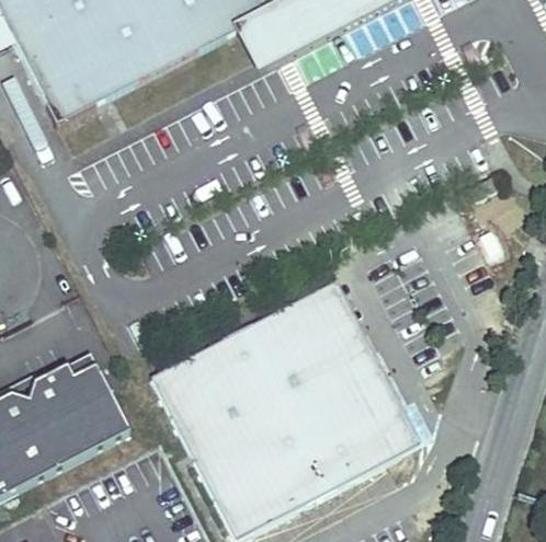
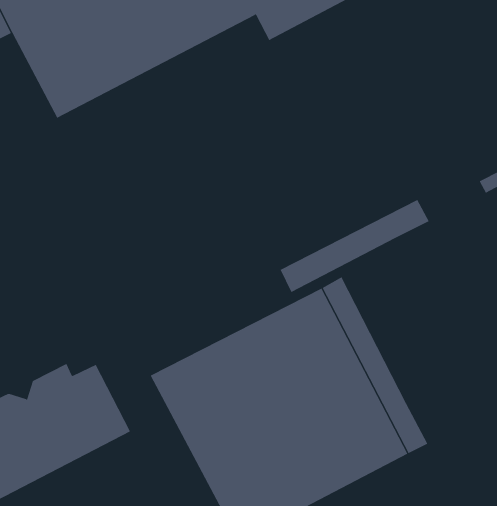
building: none -> [280,199,429,293]

